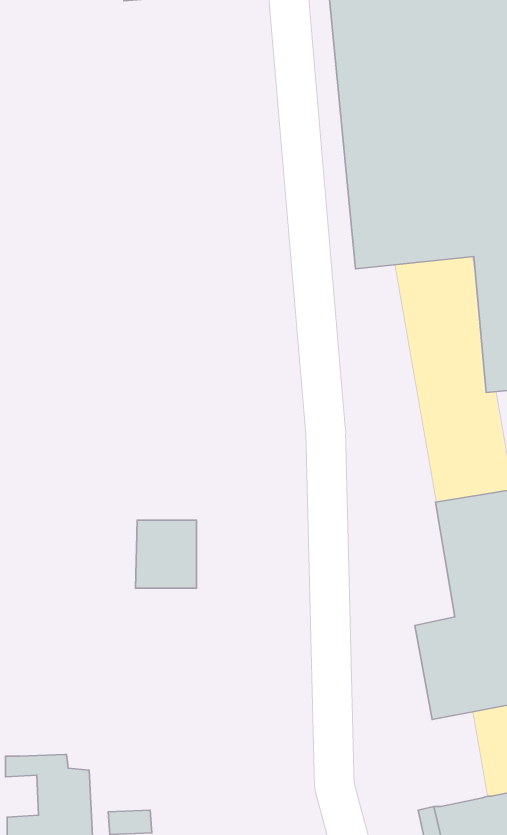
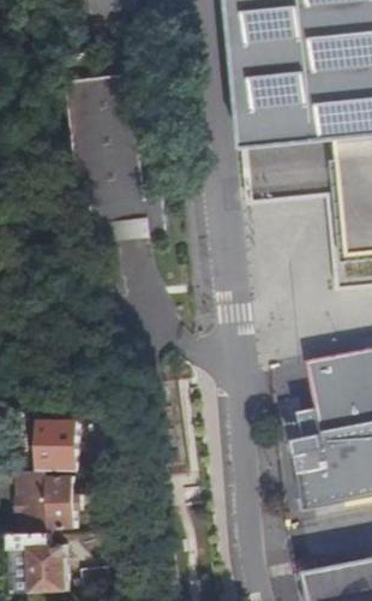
building: none -> [62,73,166,244]
building: [136,520,197,588] -> [35,422,77,469]
building: none -> [13,476,76,535]

